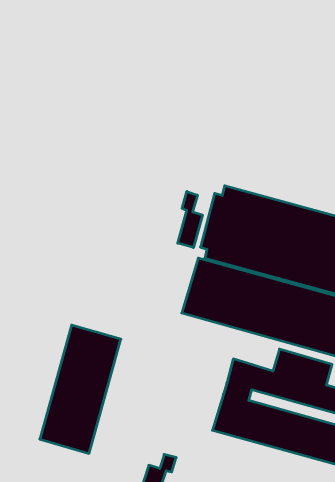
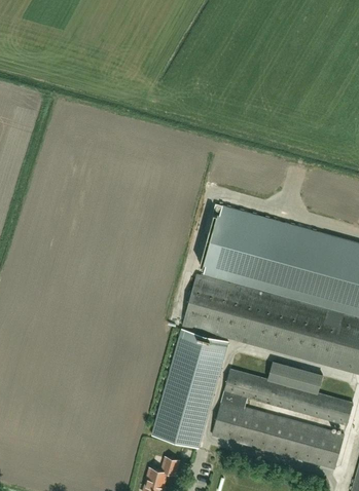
building: [178,191,202,248] -> none
building: [40,325,121,453] -> [152,328,228,448]

